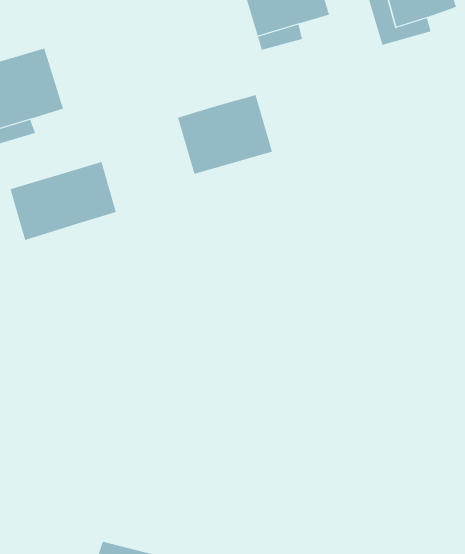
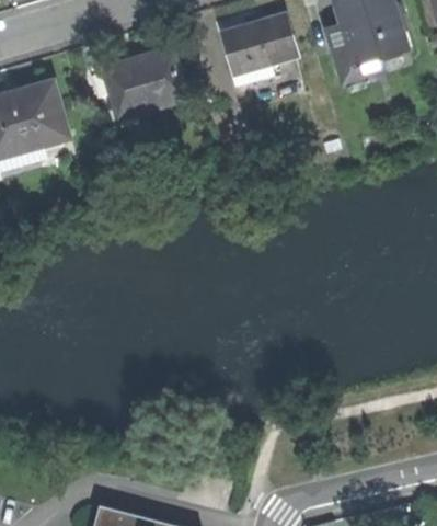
building: [177,95,273,175] -> [104,48,186,117]
building: [10,161,116,241] -> none

